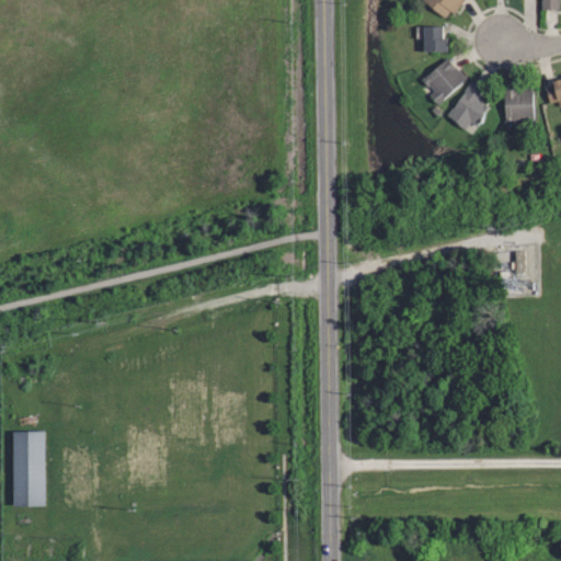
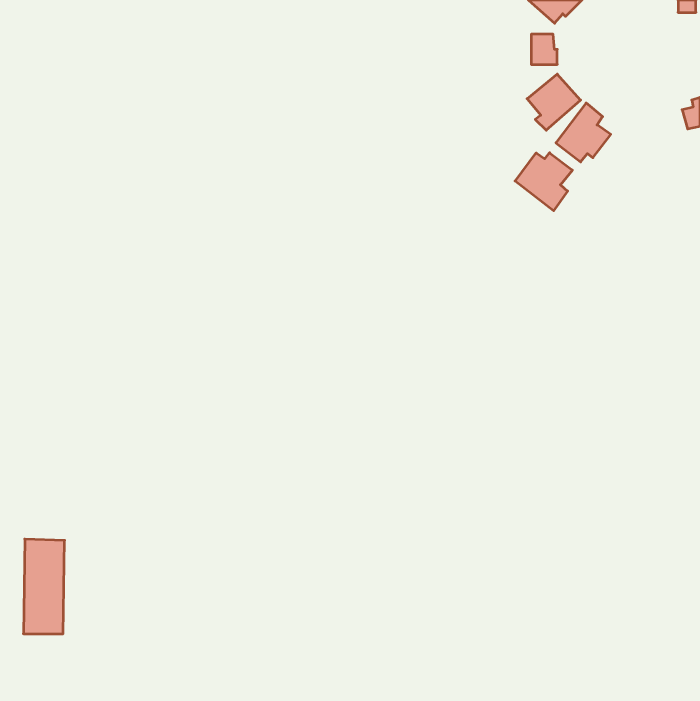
building: [503,88,533,127] -> none
building: none -> [515,153,572,211]

